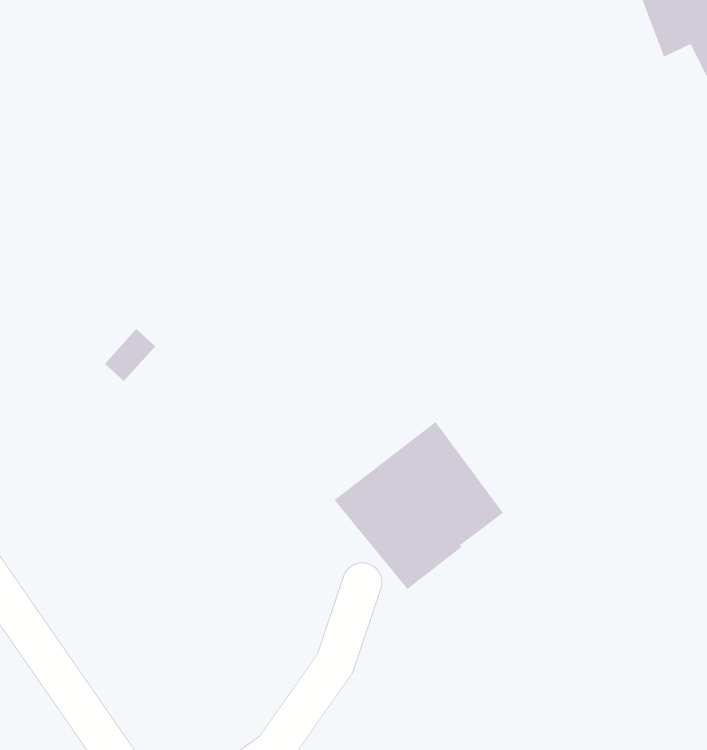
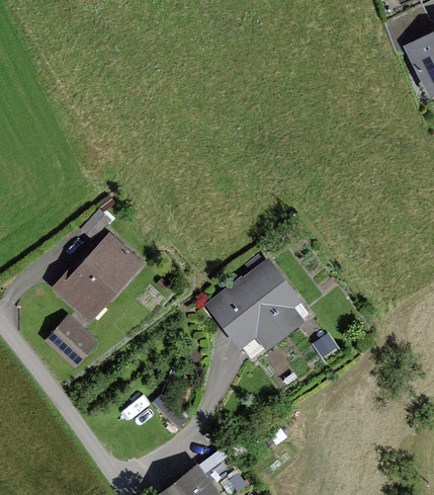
building: none -> [59,238,137,313]
building: none -> [50,318,93,361]

